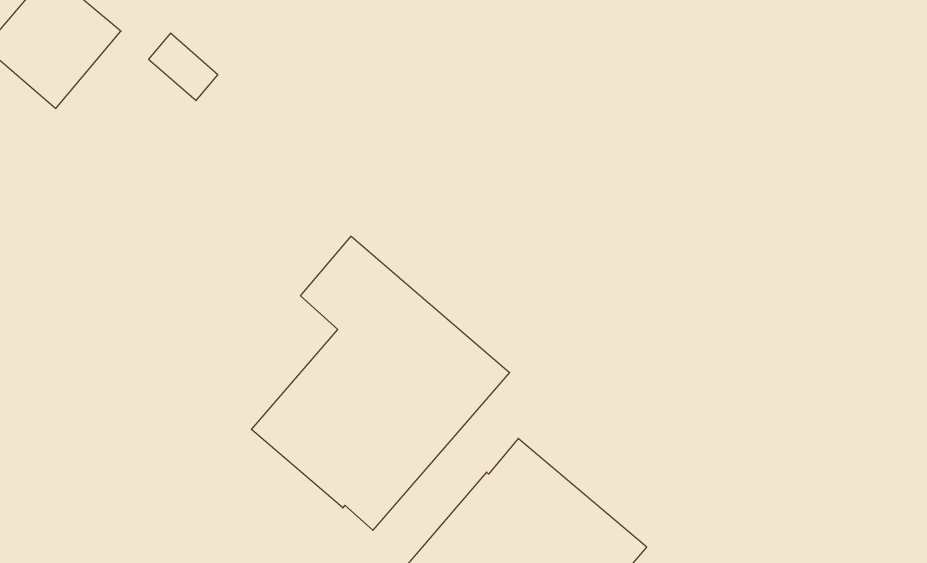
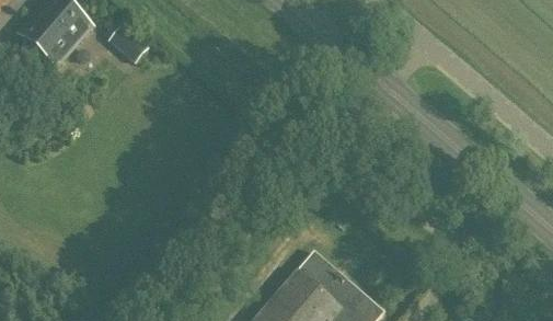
building: [251,236,510,530] -> none

